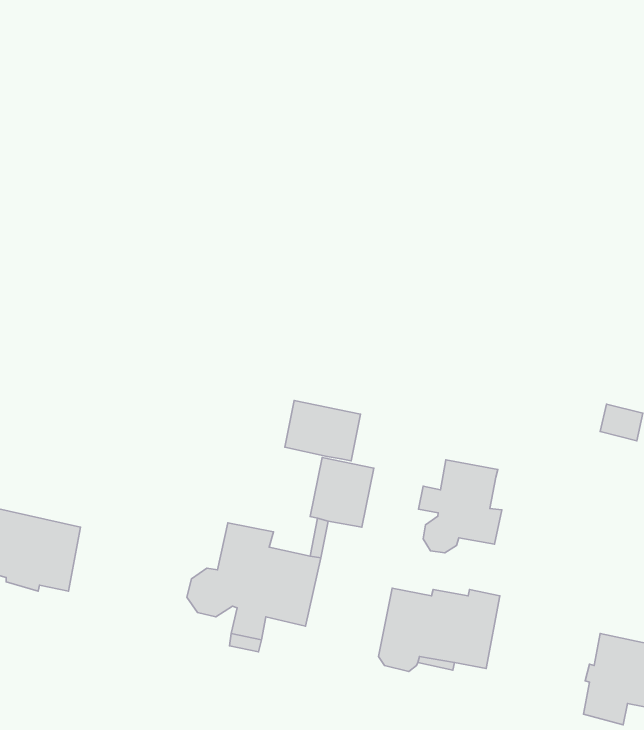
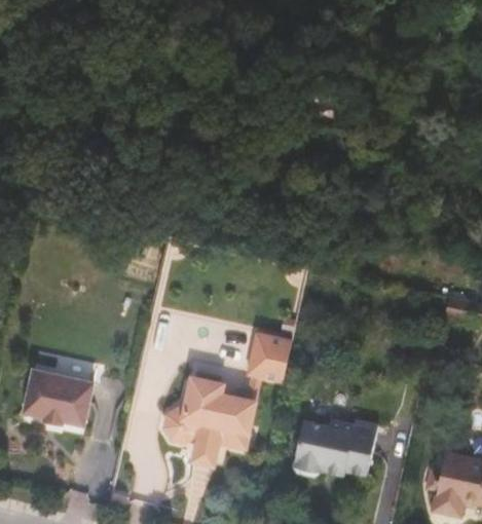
building: [285,401,361,461] -> none
building: [418,460,502,553] -> none

